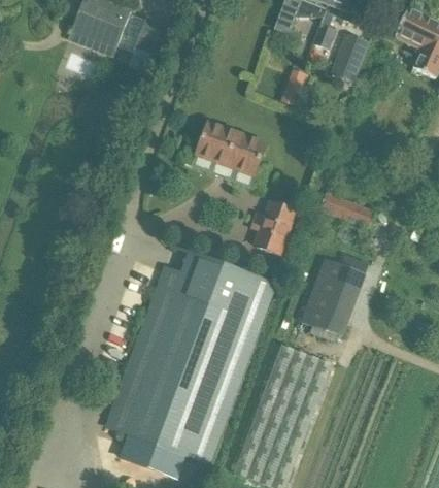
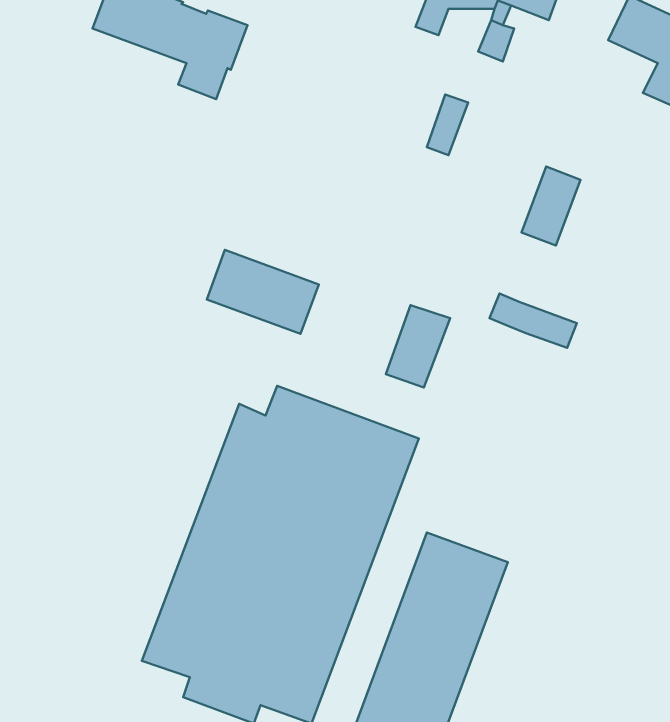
building: [332,32,369,82] -> [521,167,581,246]
building: [195,123,265,175] -> [207,250,319,334]
building: [301,259,364,335] -> none

